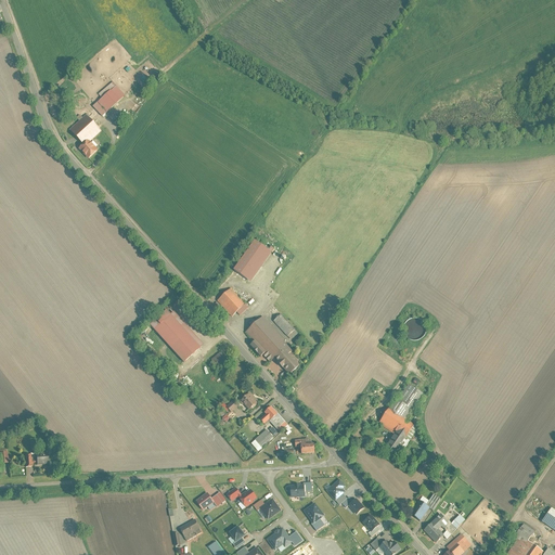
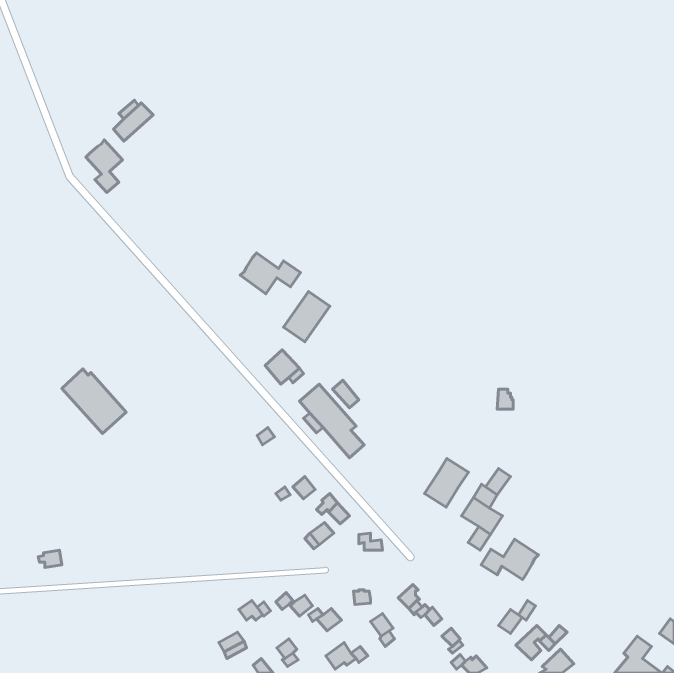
building: none -> [240,253,300,294]
building: [150,308,203,361] -> [62,369,126,433]
building: none -> [424,458,469,507]
building: none -> [481,539,538,580]

